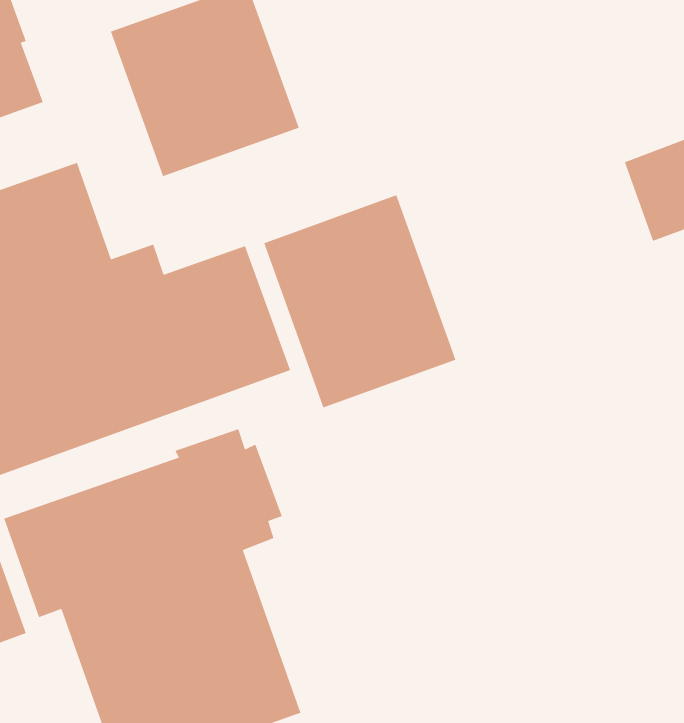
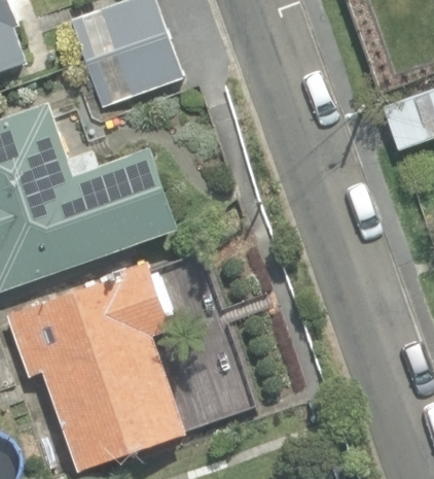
building: [263,194,457,409] -> none

